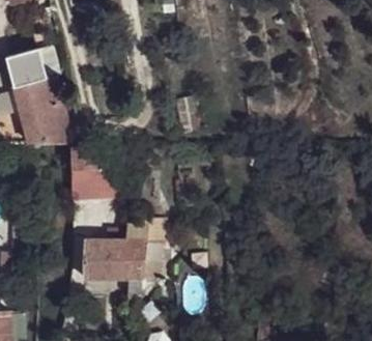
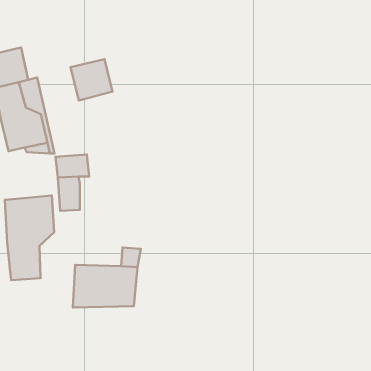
building: none -> [70,59,112,100]
building: none -> [5,196,54,280]

